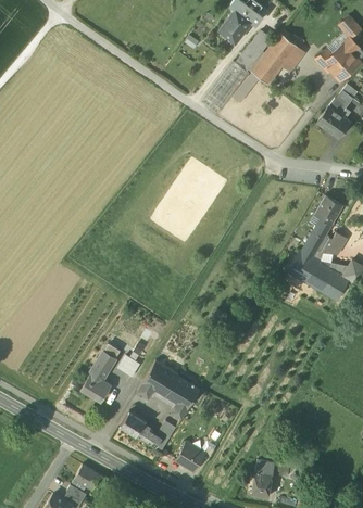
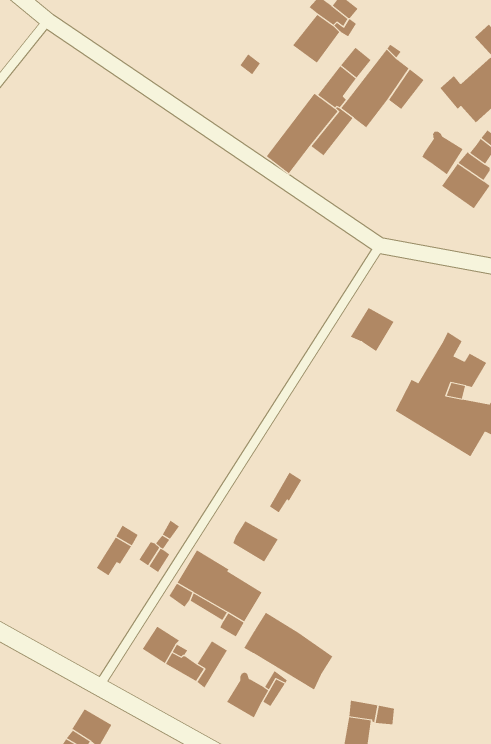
building: none -> [421,131,464,175]
building: [314,195,343,225] -> [350,307,395,352]
building: none -> [233,521,278,562]
building: [80,373,111,402] -> none
building: none -> [243,612,333,691]

